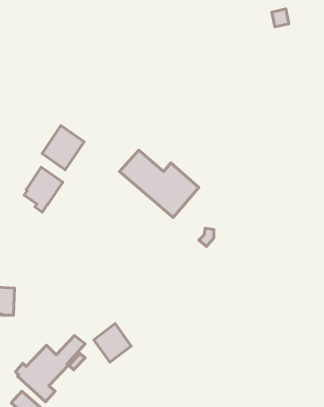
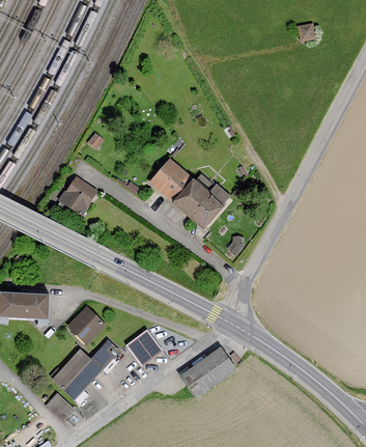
building: [42,125,84,170] -> none
building: none -> [72,307,104,340]
building: none -> [182,348,234,394]

